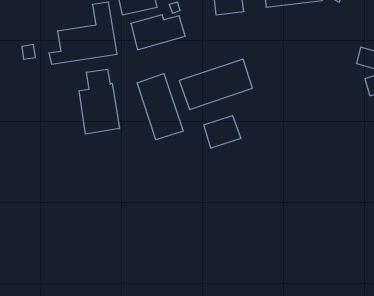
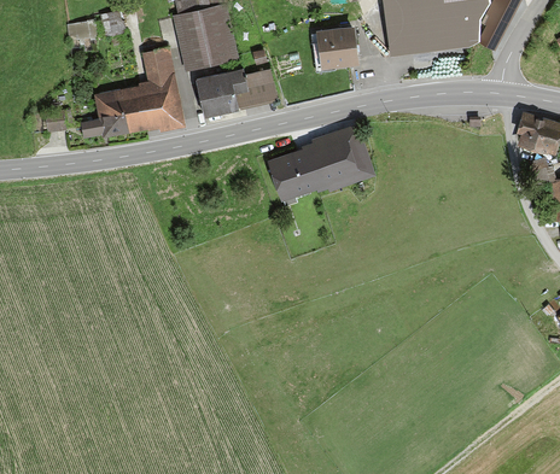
building: [79,69,119,134] -> none
building: [137,74,183,140] -> none
building: [204,115,241,148] -> none

